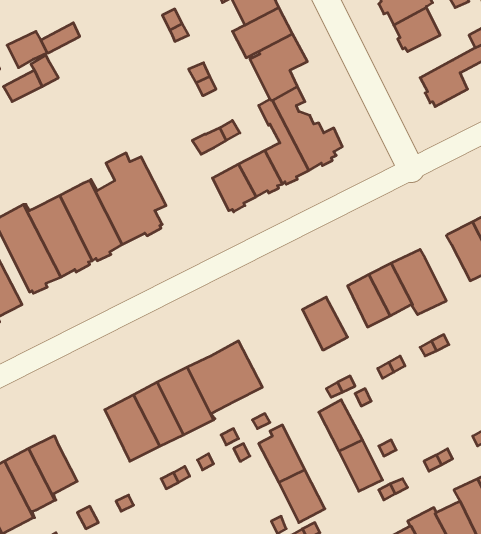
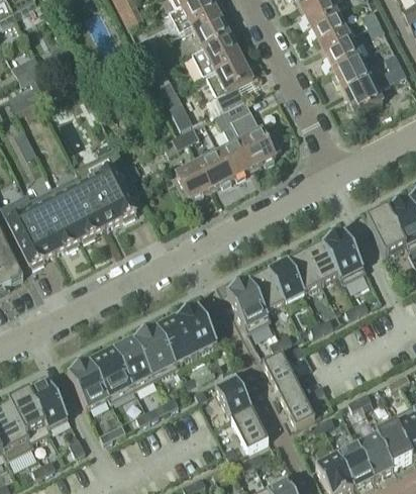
building: none -> [333,57,371,91]
building: none -> [269,259,302,300]
building: none -> [226,278,271,330]
building: none -> [67,359,110,407]

